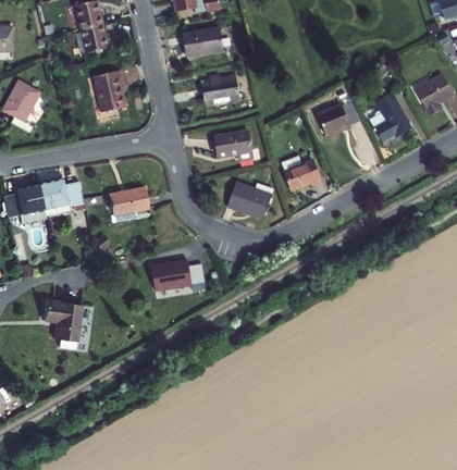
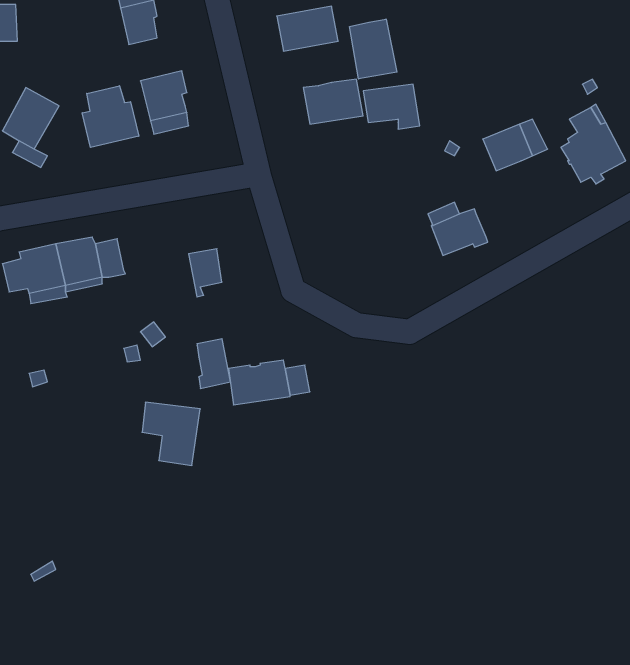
building: none -> [350,19,397,79]
building: none -> [82,86,139,147]
building: [215,132,252,161] -> [363,84,420,129]
building: [227,183,272,218] -> none
building: [109,189,131,222] -> [197,339,230,389]
building: [42,299,81,341] -> [142,402,200,465]

